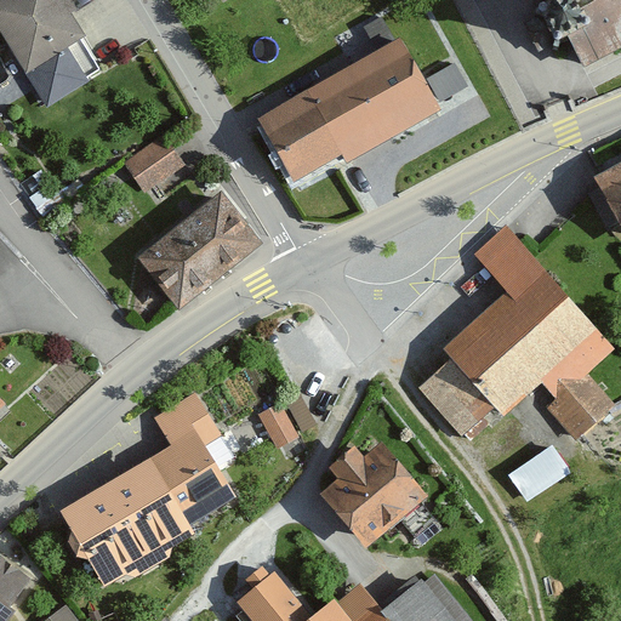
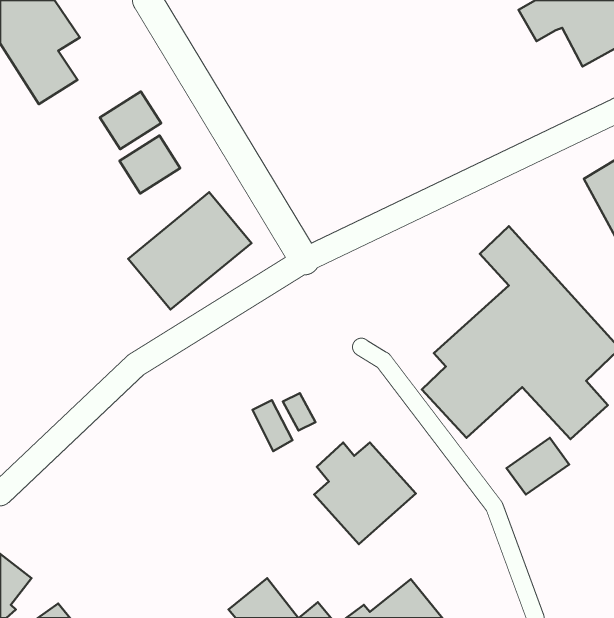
building: [269,17,445,173] -> none
building: none -> [100,92,161,149]
building: [58,384,240,583] -> none

